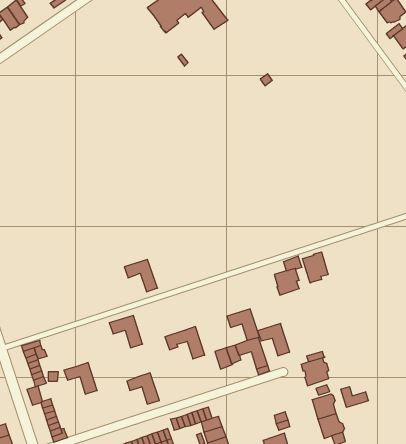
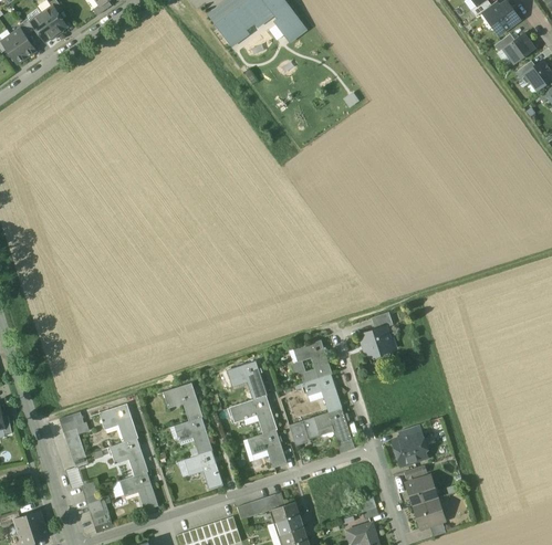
building: [303,252,328,283] -> none
building: [124,259,158,292] -> [227,361,267,400]
building: [257,323,290,356] -> [293,340,332,379]
building: none -> [98,405,137,443]
building: none -> [174,417,212,455]
building: none -> [247,430,287,469]
building: [341,387,368,407] -> none
building: none -> [118,472,158,511]

